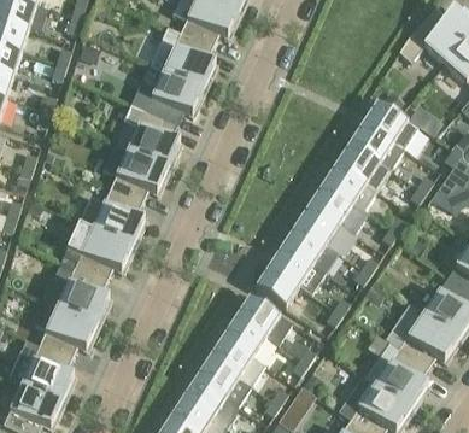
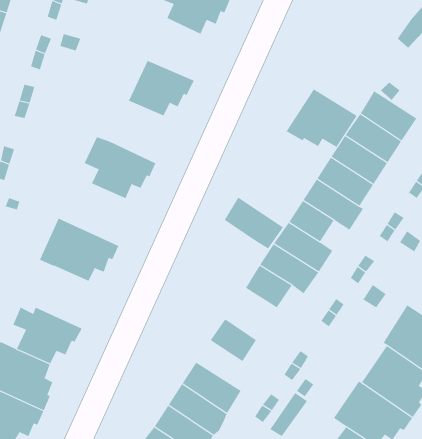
building: [150,25,216,90] -> none
building: none -> [286,89,358,148]
building: [123,104,180,169] -> none
building: [78,188,145,247] -> none
building: [43,267,110,326] -> none
building: [236,294,293,344] -> [224,197,284,249]
building: [209,337,265,385] -> none

